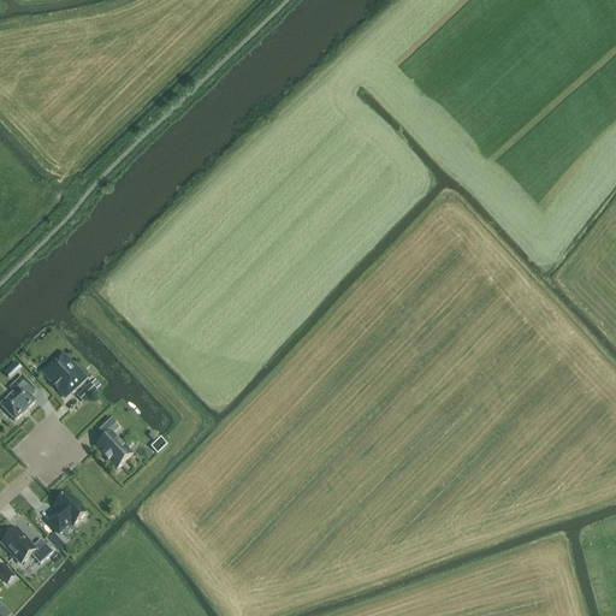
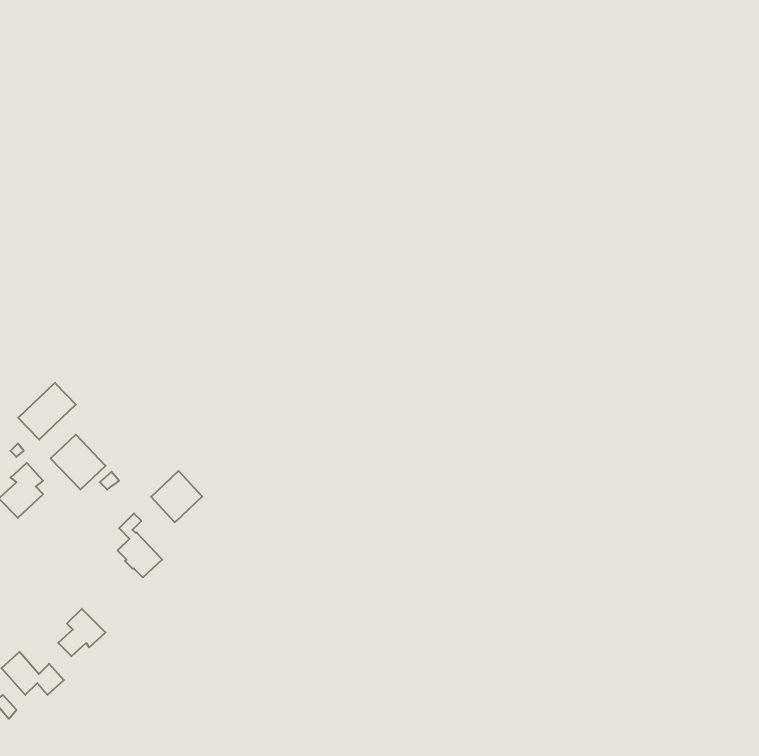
building: none -> [18,383,76,440]
building: none -> [151,471,202,522]

